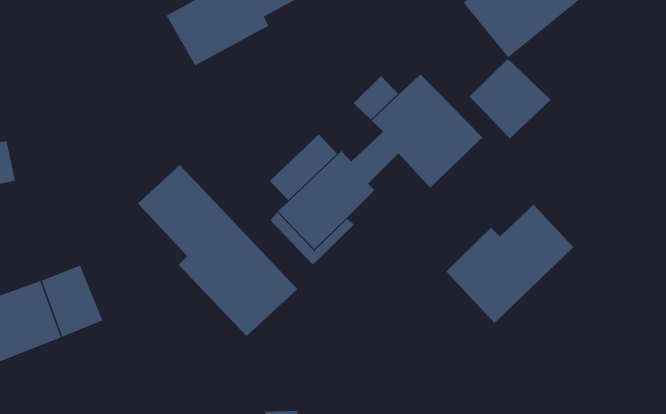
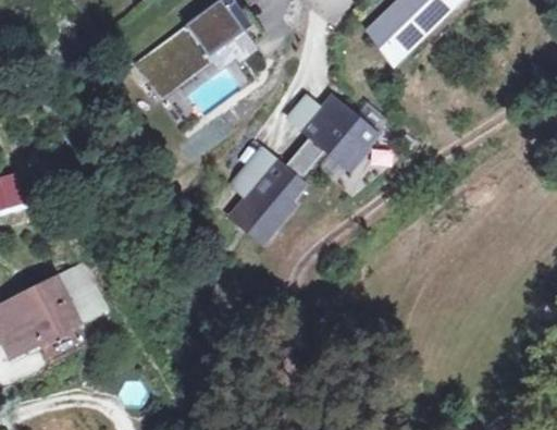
building: [469,58,551,139] -> none
building: [137,164,298,337] -> none
building: [445,204,574,324] -> none

